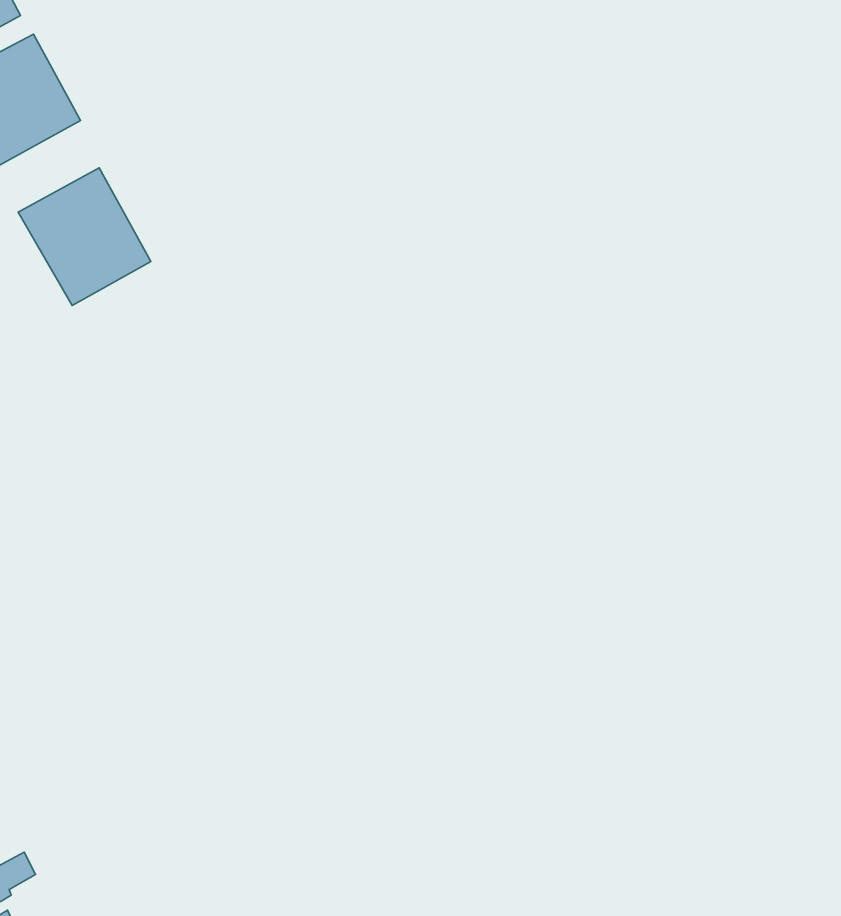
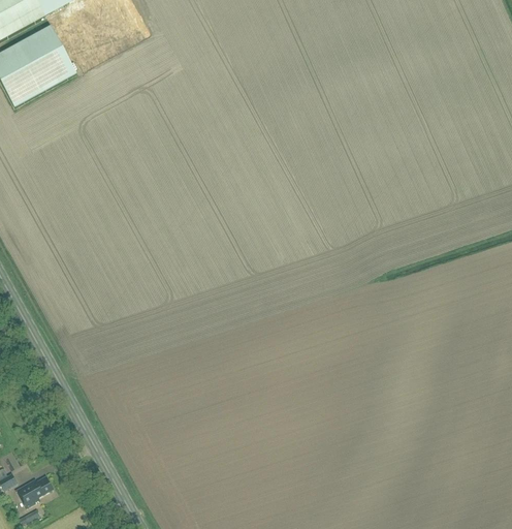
building: [18,168,151,305] -> none

